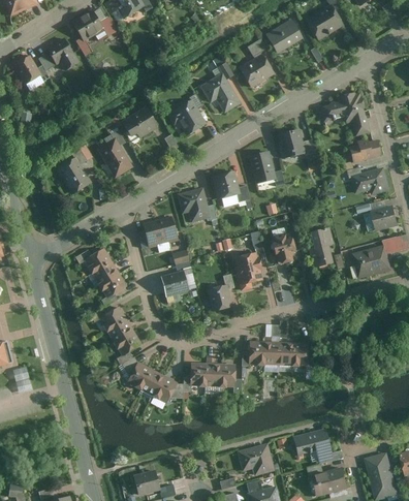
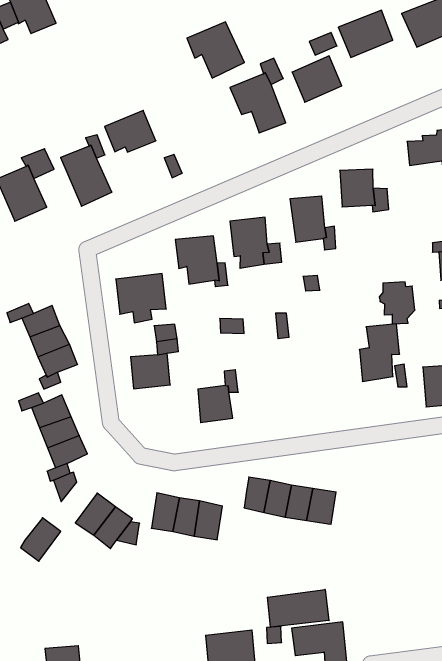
building: [164,100,204,138] -> [187,22,244,78]
building: [272,232,296,261] -> [379,282,415,324]
building: [234,251,263,284] -> none
building: [127,361,152,389] -> [21,518,61,561]
building: none -> [267,589,329,627]

